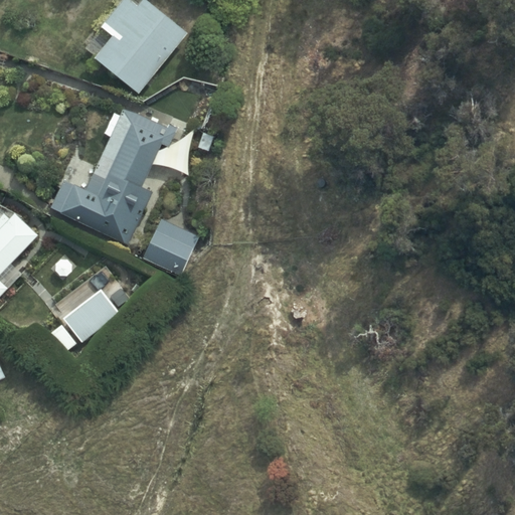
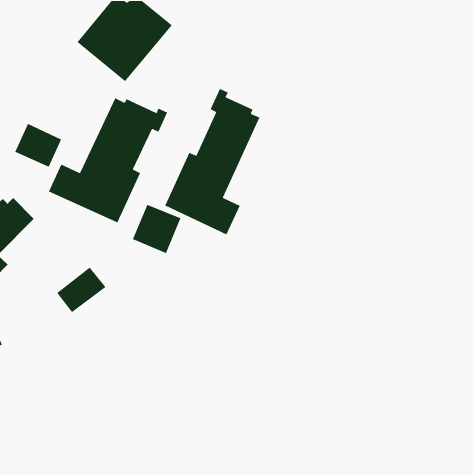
building: none -> [164,88,260,236]
building: none -> [14,123,62,168]

